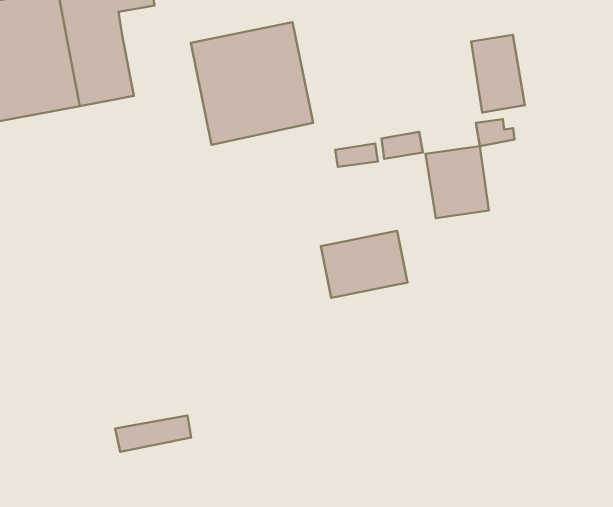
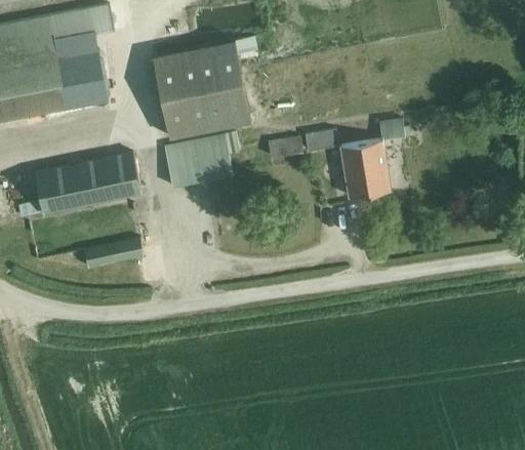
building: [471,35,525,112] -> none
building: none -> [32,152,138,213]
building: [321,231,407,298] -> [164,134,233,188]
building: [115,416,191,452] -> [82,239,143,268]

